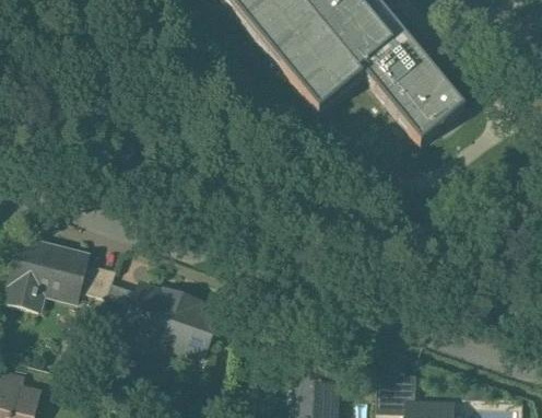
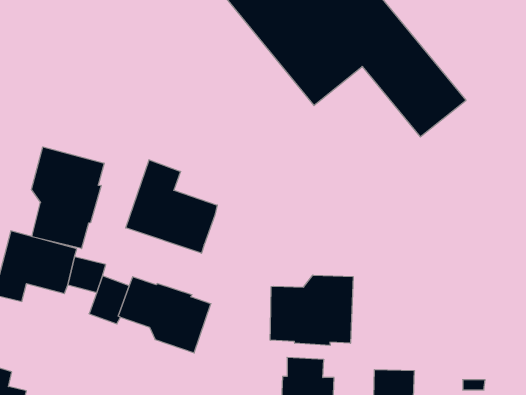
building: none -> [32,147,104,249]
building: none -> [126,160,217,253]
building: none -> [270,275,353,345]

